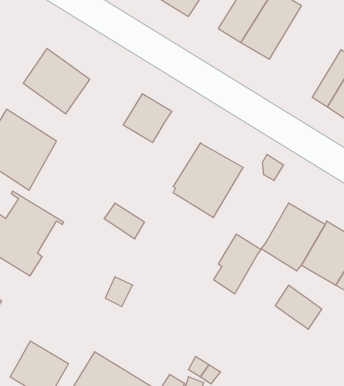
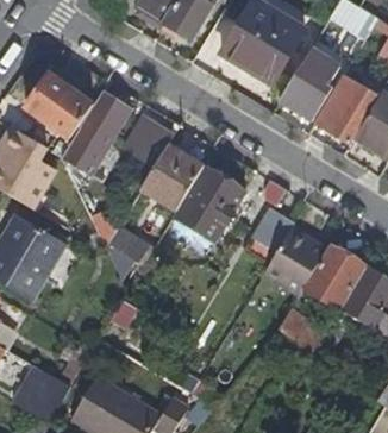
building: none -> [280,48,339,119]
building: none -> [71,92,130,158]
building: none -> [140,146,204,211]
building: [214,234,261,294] -> [248,207,295,266]

